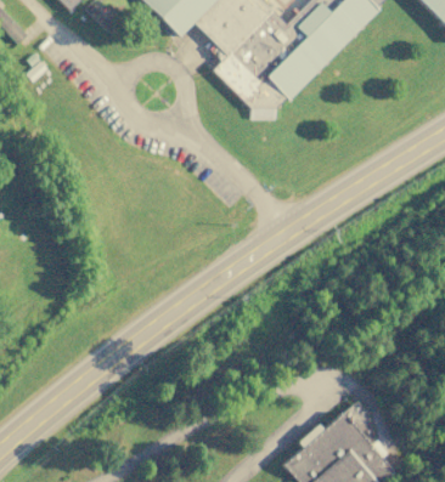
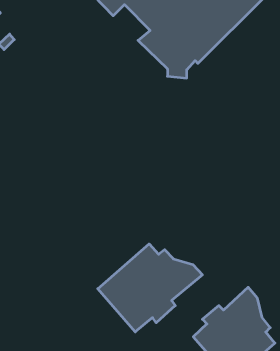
building: none -> [98,244,202,332]

